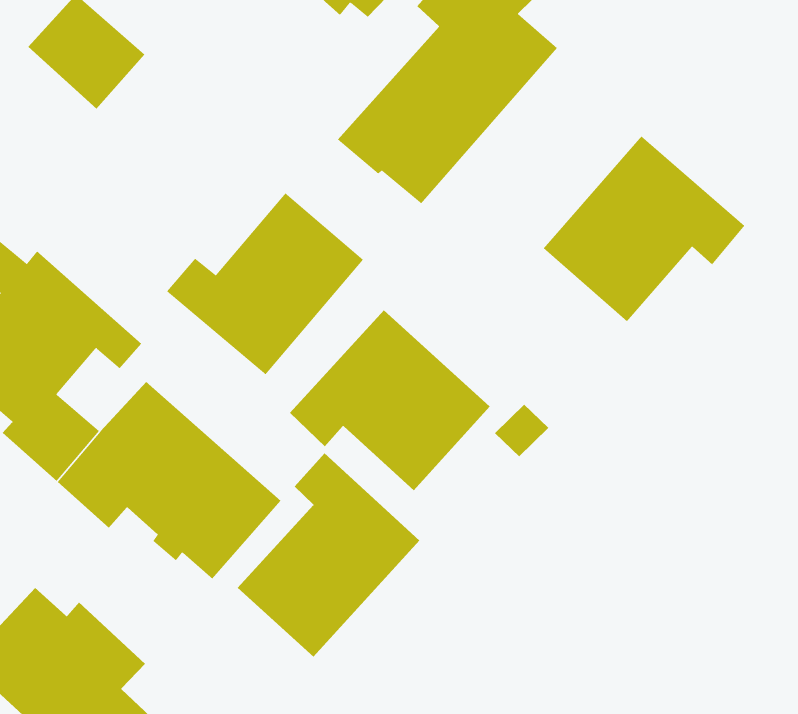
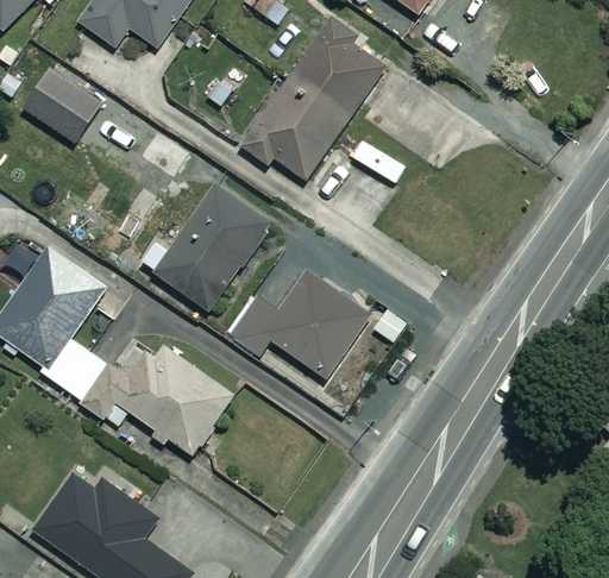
building: [543,136,745,322] -> none
building: [237,452,420,658] -> none

